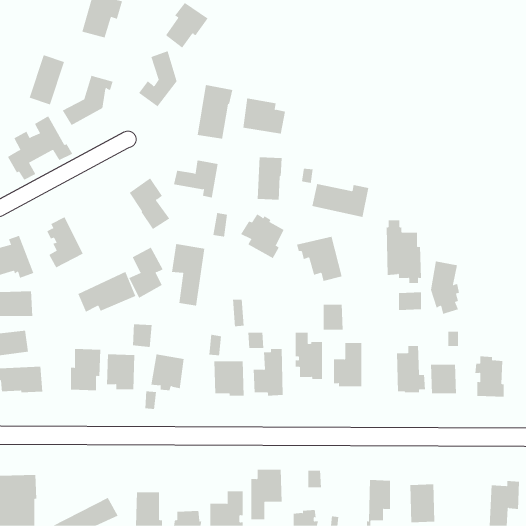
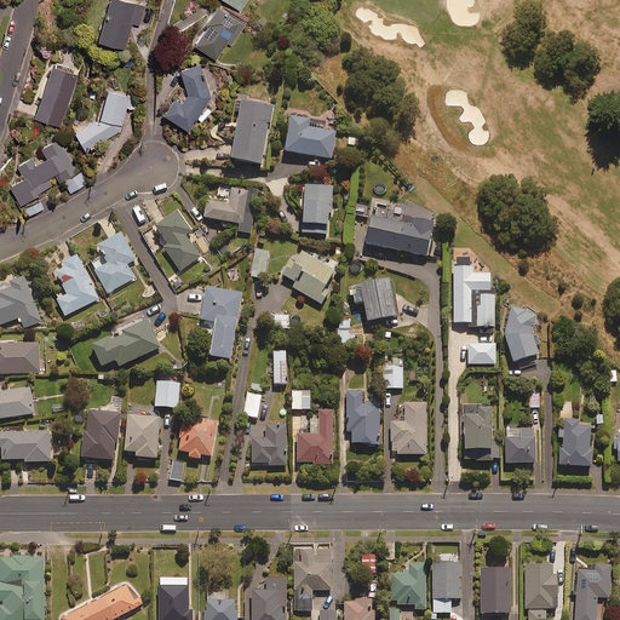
building: [129,247,164,298] -> [94,232,136,293]
building: none -> [390,563,426,609]
building: none -> [524,564,557,609]

